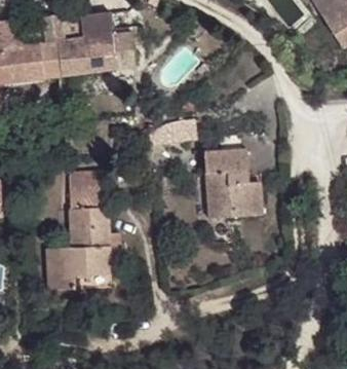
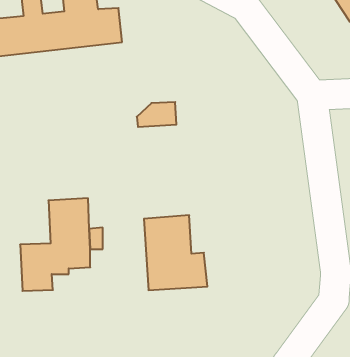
building: [206,151,264,219] -> [144,215,207,290]
building: [70,185,107,209] -> none

